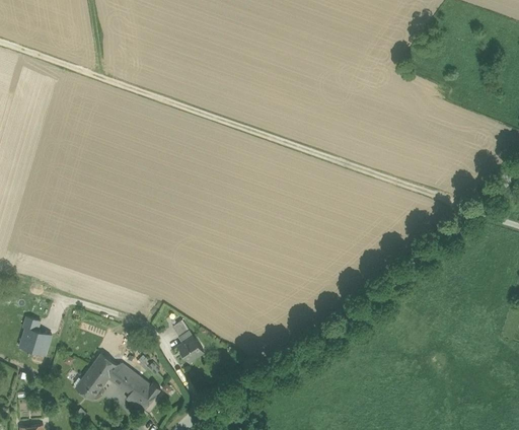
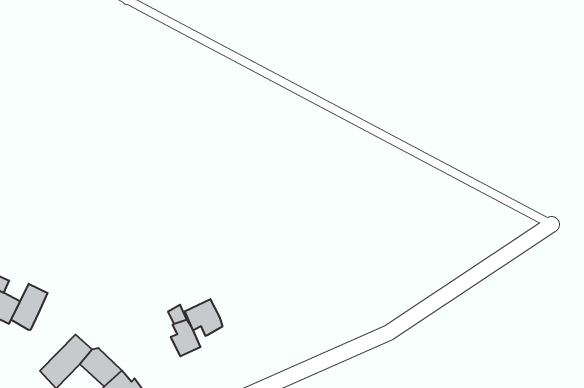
building: none -> [185,299,222,336]
building: none -> [11,284,48,330]

